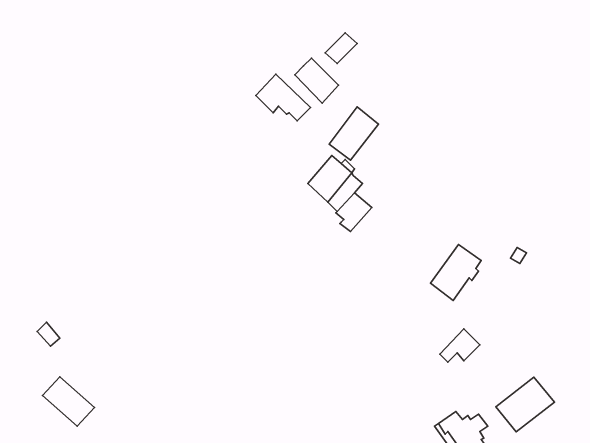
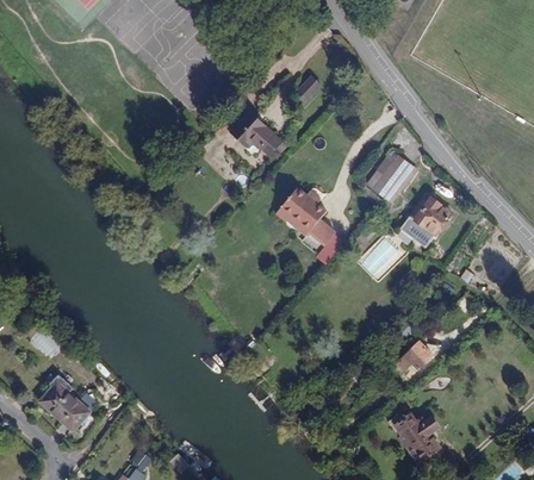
building: [295,58,338,103] -> none
building: [329,107,379,160] -> [372,154,416,201]
building: [430,244,481,300] -> [405,197,451,247]
building: [496,377,554,432] -> none

